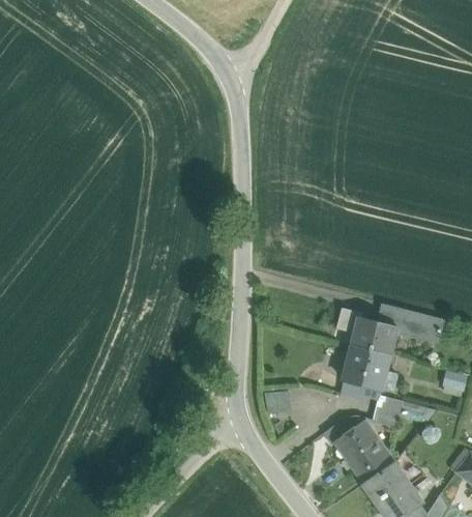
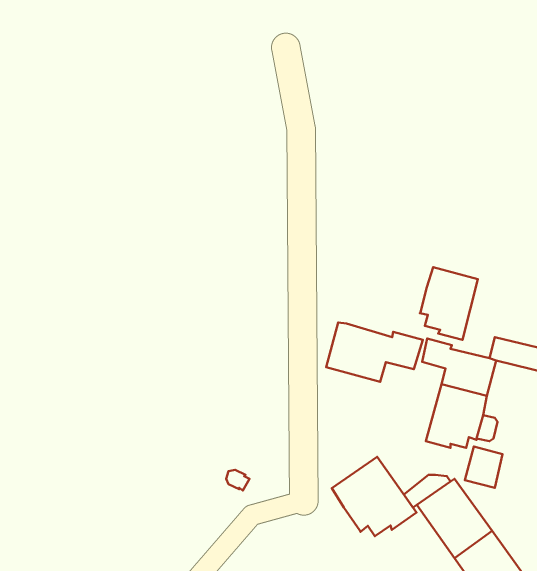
building: none -> [420,267,478,340]
building: none -> [326,323,423,382]
building: none -> [332,457,417,536]

